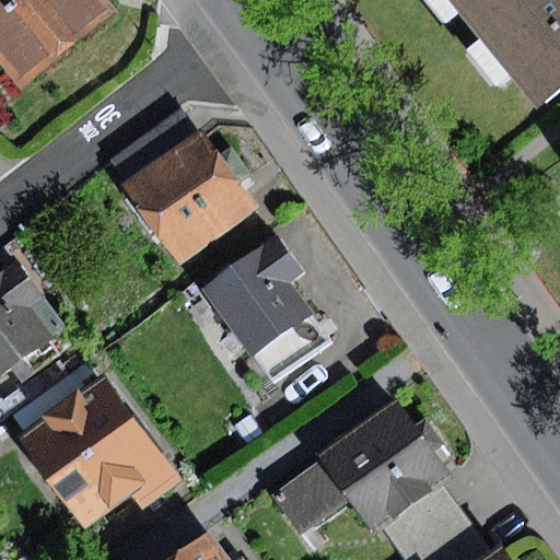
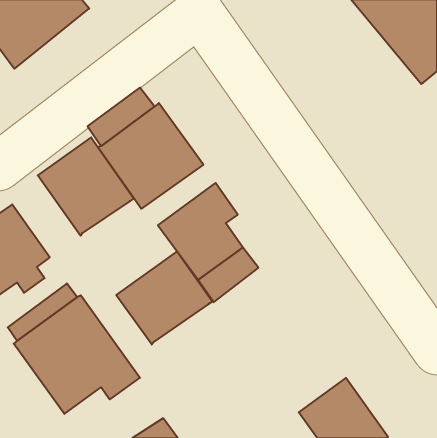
building: none -> [38,137,134,236]
building: none -> [116,251,212,345]
building: [268,405,447,536] -> none

